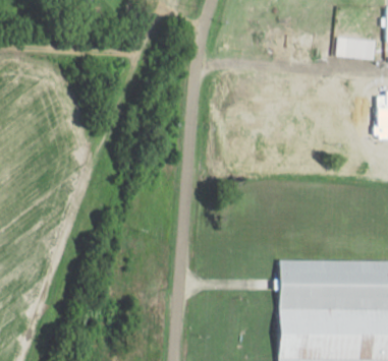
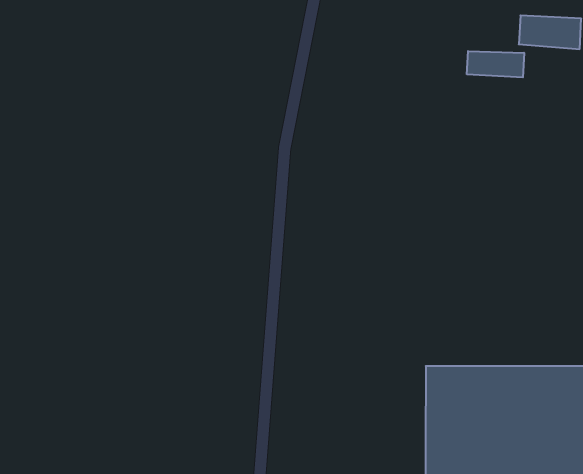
building: none -> [467,51,524,77]

